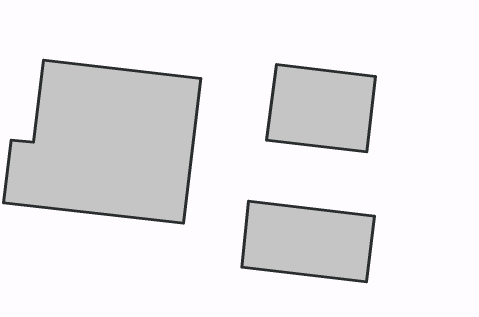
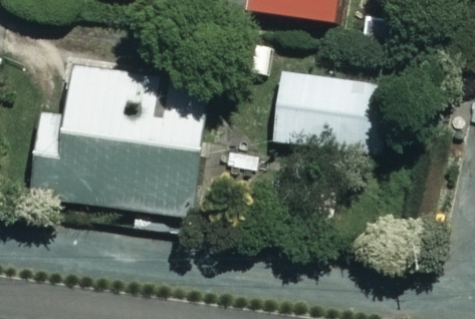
building: [242,201,375,282] -> none

